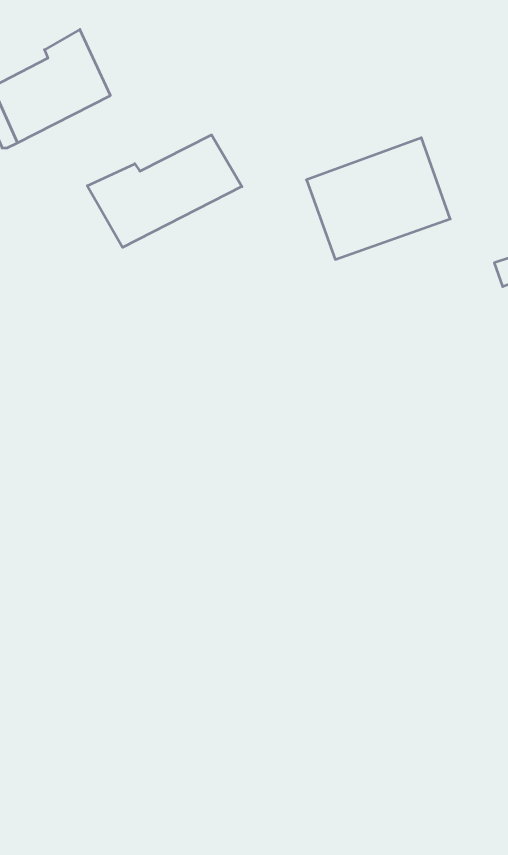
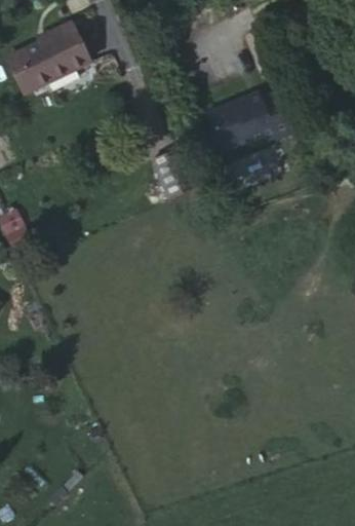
building: [87,135,242,247] -> none

